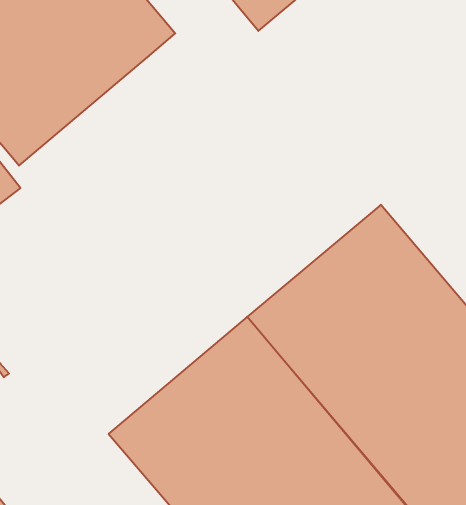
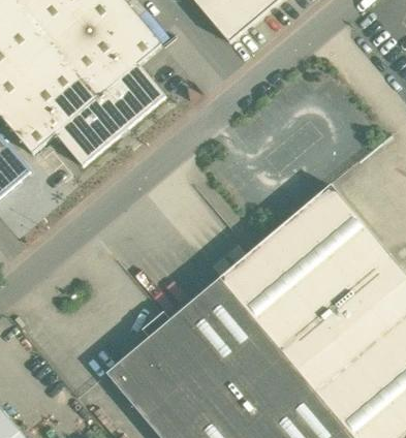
building: none -> [55,64,164,165]

